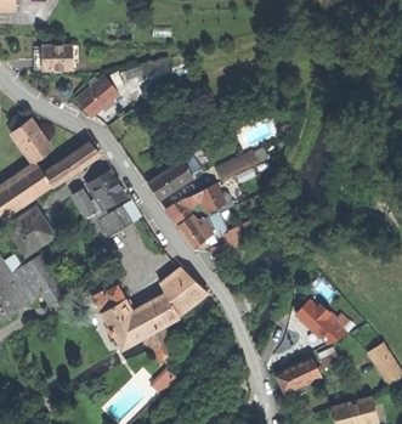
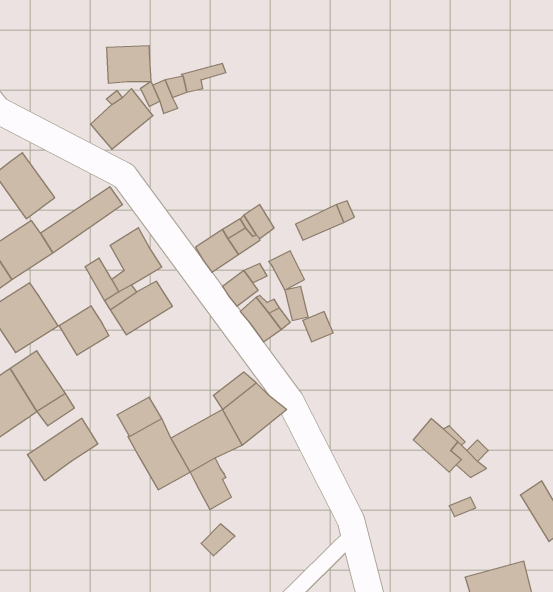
building: [43,45,73,70] -> [106,46,151,83]
building: none -> [59,306,109,355]
building: none -> [27,418,98,481]
building: [274,356,322,395] -> none

